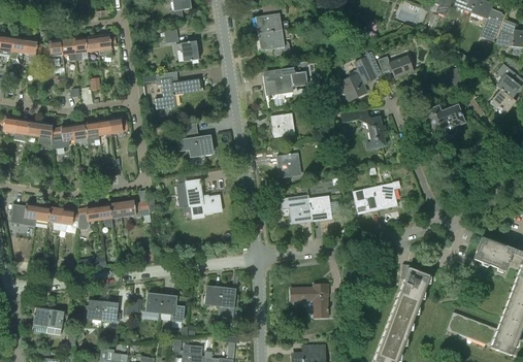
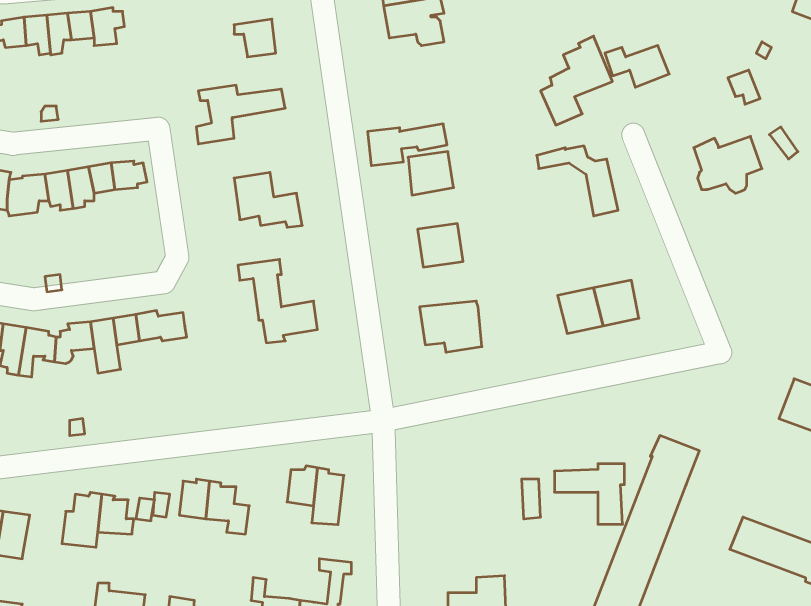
building: [264,70,307,93] -> [368,124,447,166]
building: [308,195,331,219] -> none
building: [290,284,328,317] -> [554,464,624,524]

